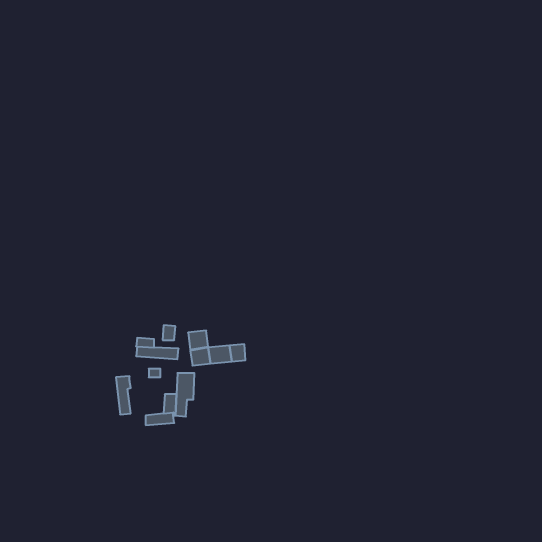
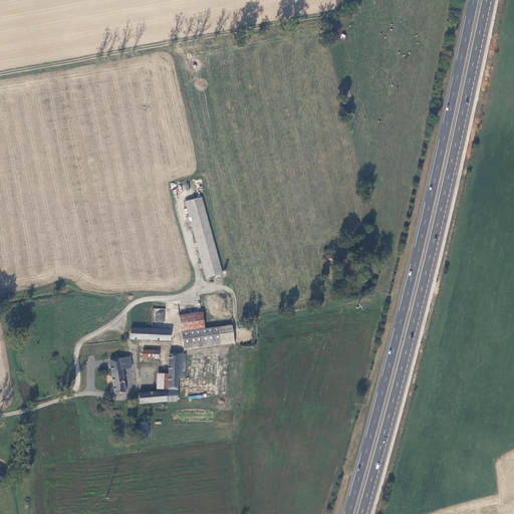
building: none -> [188,200,222,277]

